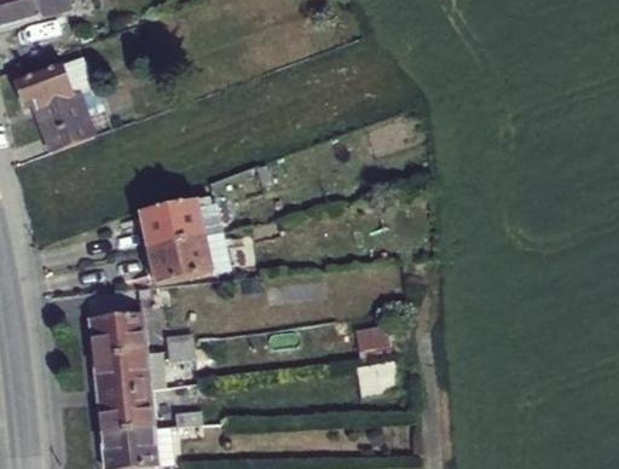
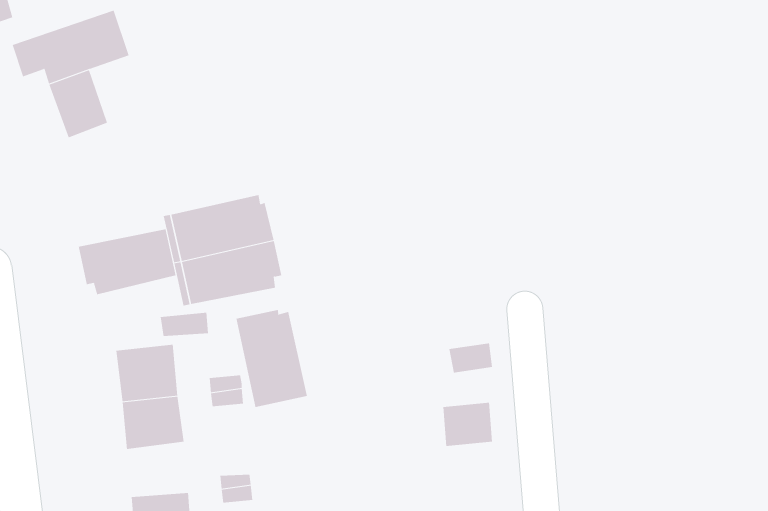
building: none -> [78,228,176,295]
building: none -> [236,309,308,408]
building: [102,394,151,438] -> none

